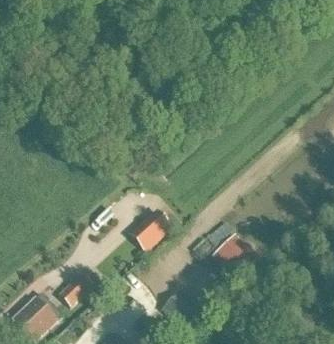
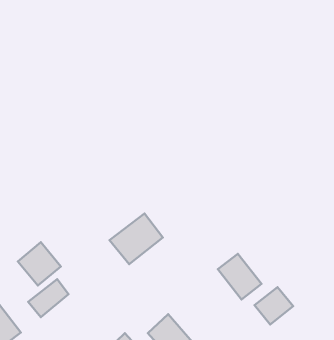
building: none -> [18,242,61,285]
building: none -> [255,287,293,324]

